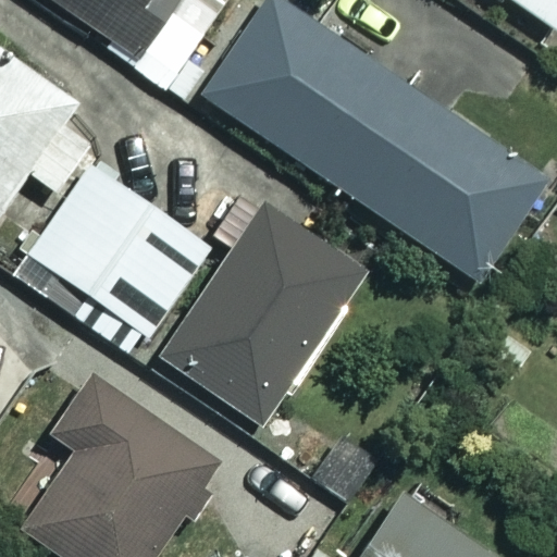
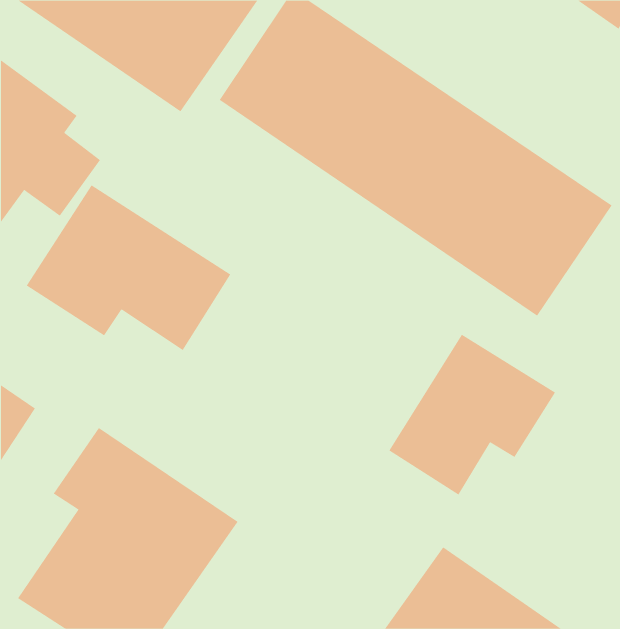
building: [162,200,359,419] -> none
building: none -> [389,334,556,495]

